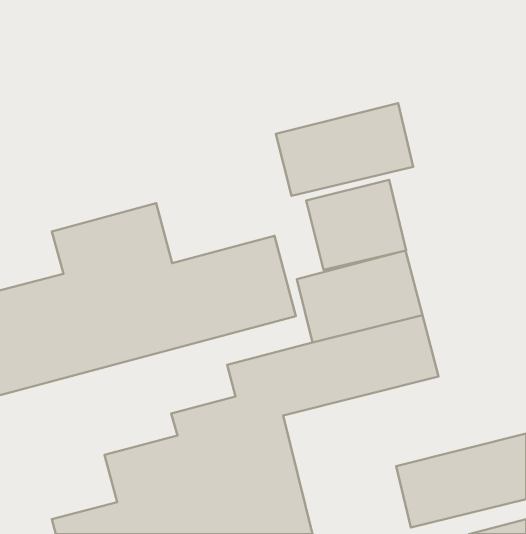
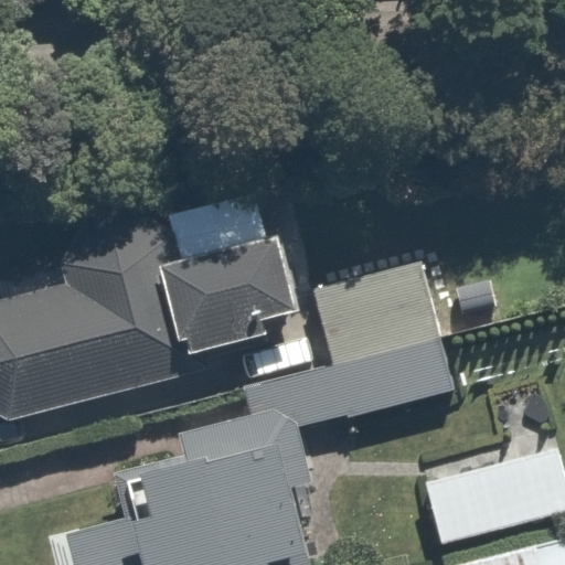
building: [276,103,413,196] -> none
building: [306,180,406,270] -> none

